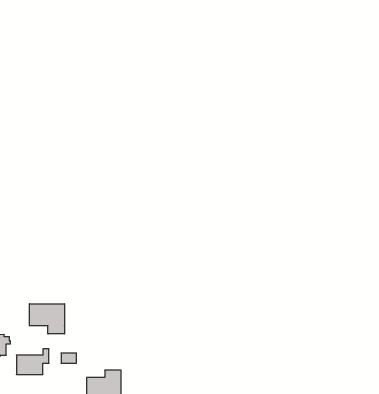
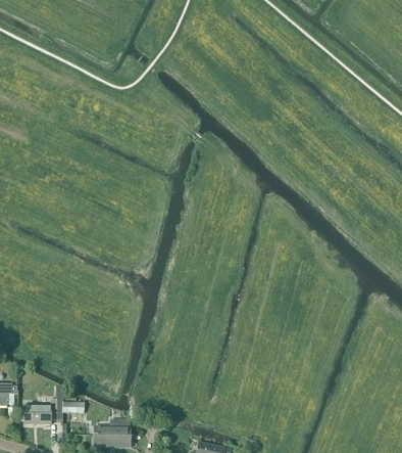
building: [29,304,64,334] -> none

